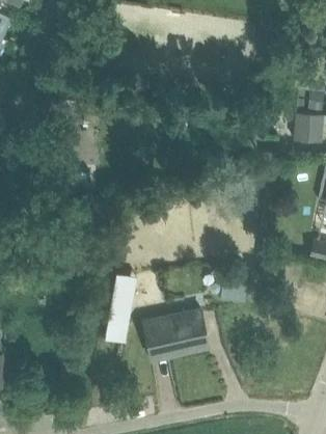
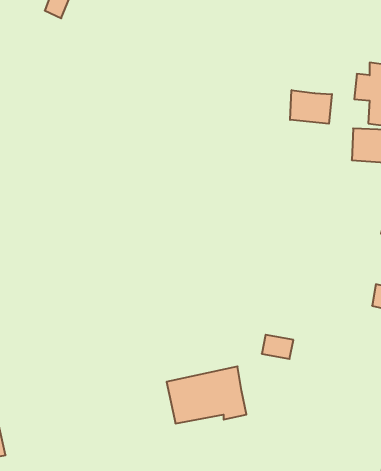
building: none -> [290,90,332,124]
building: [103,271,135,346] -> none

